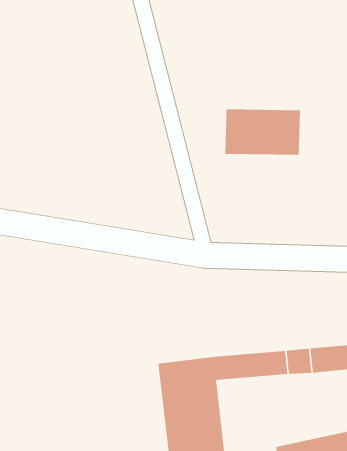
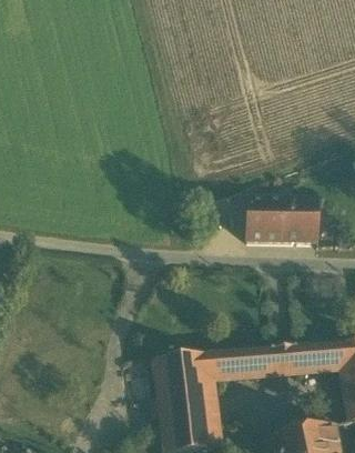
building: [225,109,301,155] -> [247,199,318,242]

